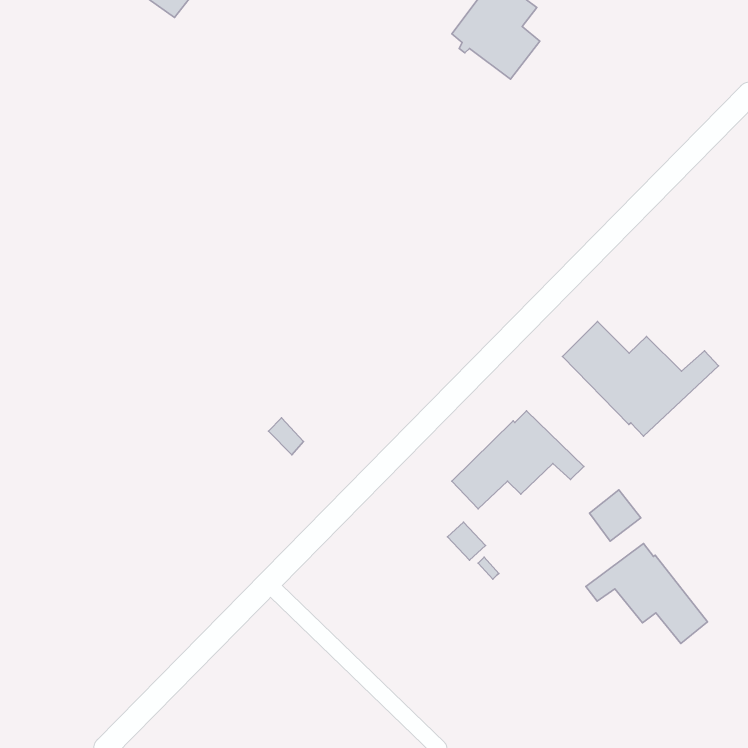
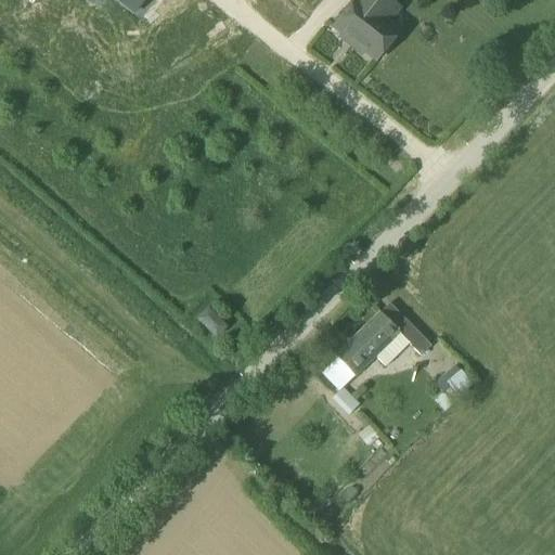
building: [563,322,719,436] -> none
building: [586,544,708,644] -> none

